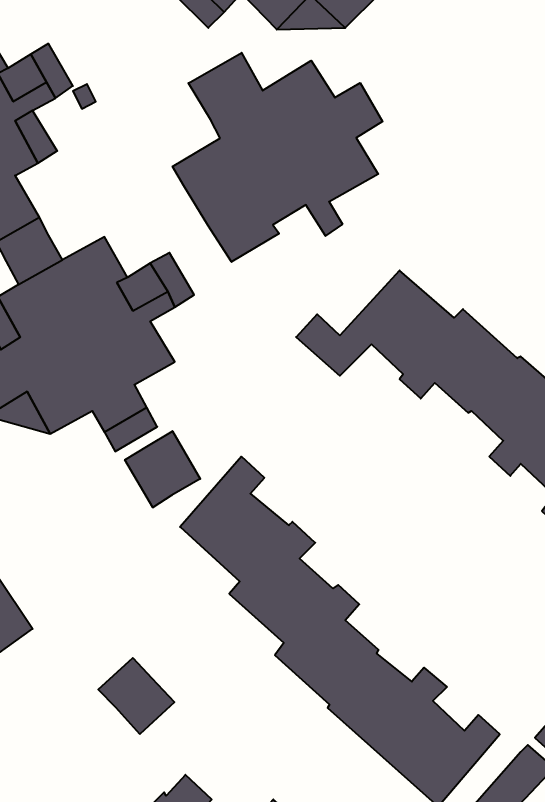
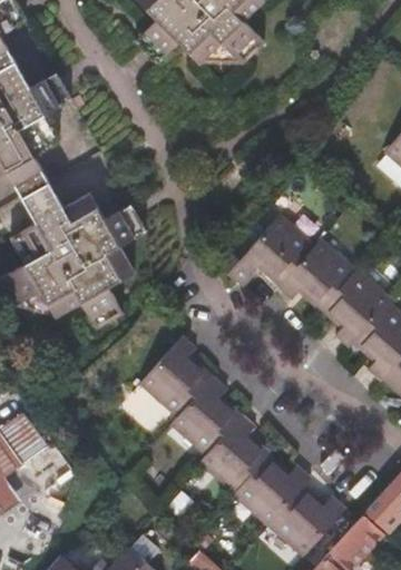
building: [173,53,383,262] -> none
building: [125,431,200,508] -> none
building: [98,658,174,734] -> none

